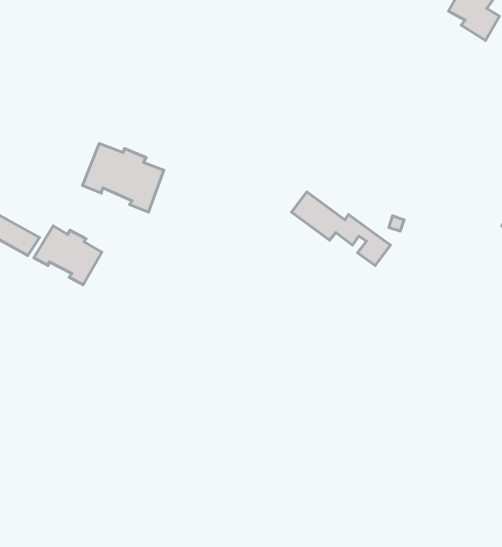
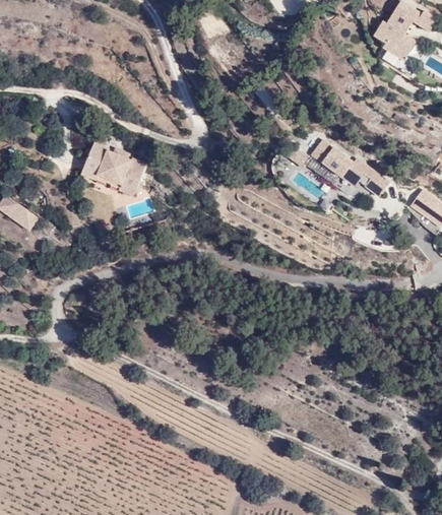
building: [291,192,391,265] -> [310,139,389,198]
building: [34,226,102,285] -> none

